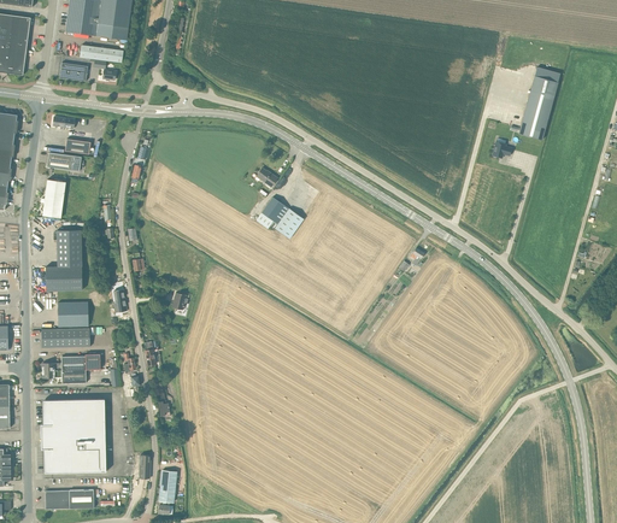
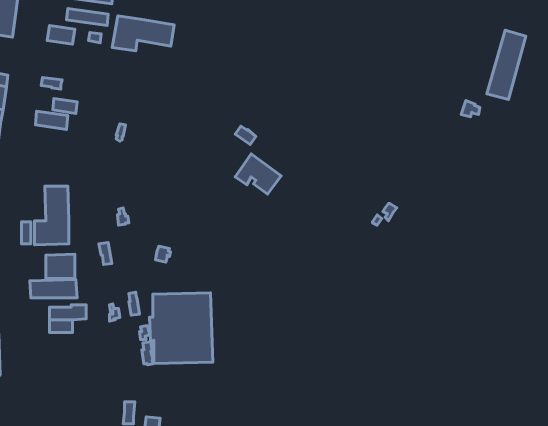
building: none -> [112,16,174,51]
building: [41,180,65,218] -> none
building: [40,399,106,472] -> [149,293,213,363]

